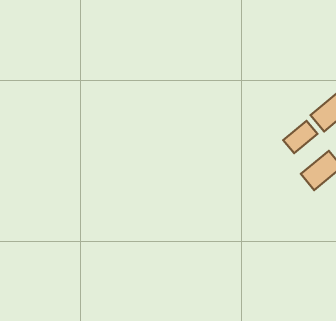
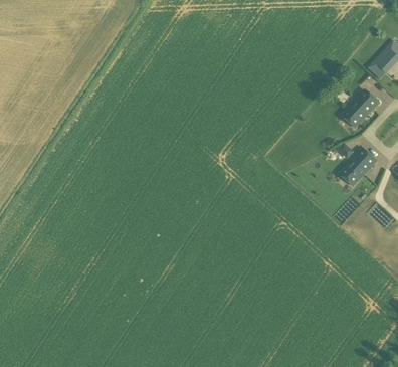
building: [283,121,317,153] -> none

